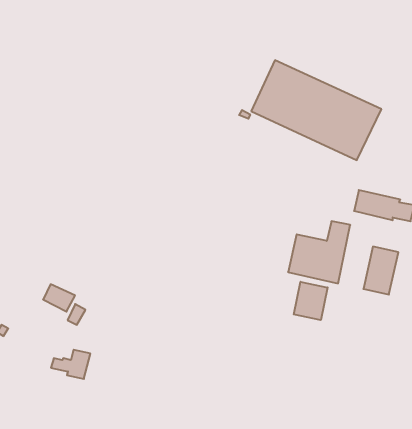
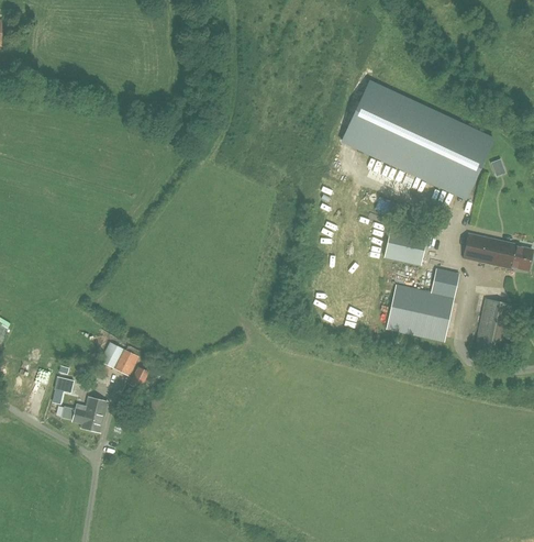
building: none -> [385,228,426,264]
building: [294,282,328,320] -> none
building: [51,350,90,379] -> [62,397,108,431]

